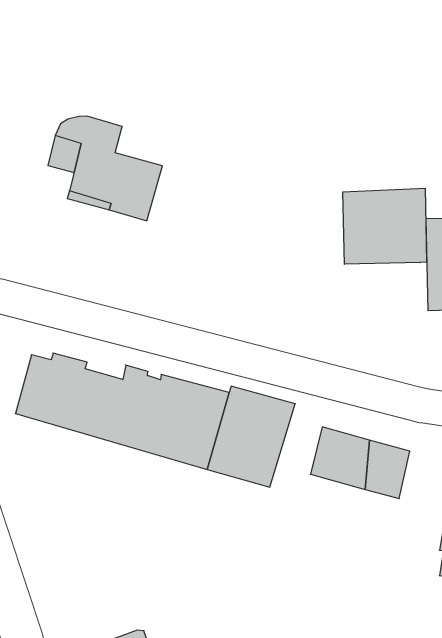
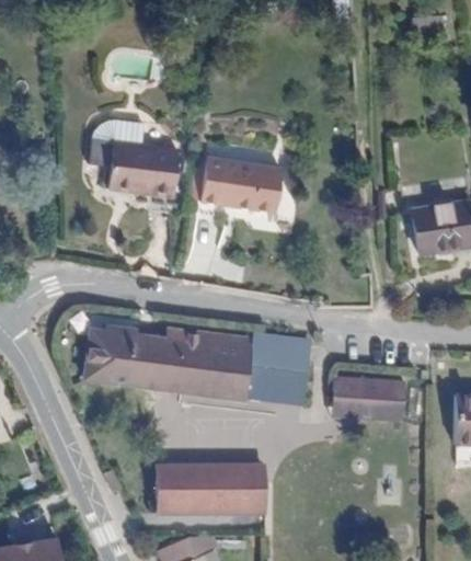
building: none -> [188,161,277,219]
building: [343,188,427,264] -> none
building: none -> [159,465,273,522]

